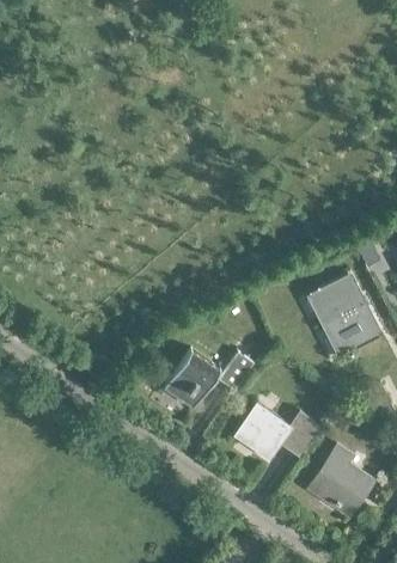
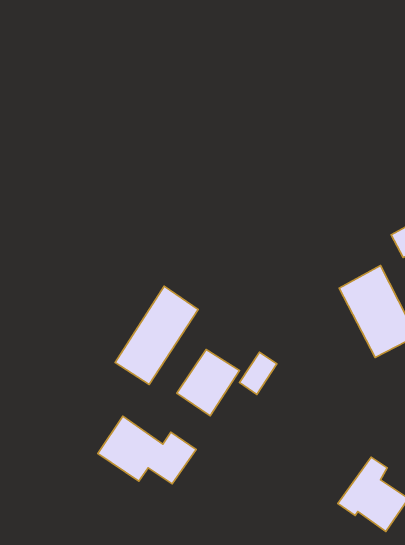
building: none -> [115,286,198,385]
building: [233,402,322,463] -> [98,416,196,484]

